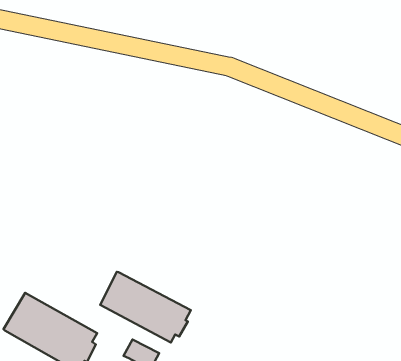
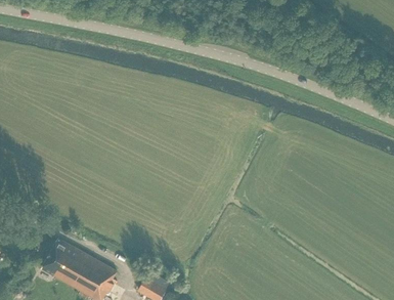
building: [100,272,191,342] -> none

